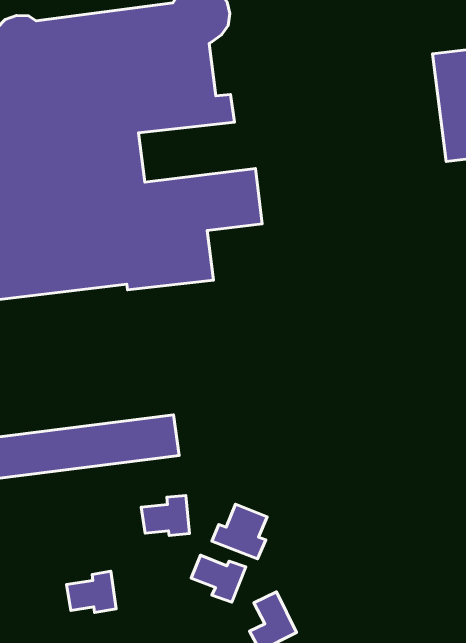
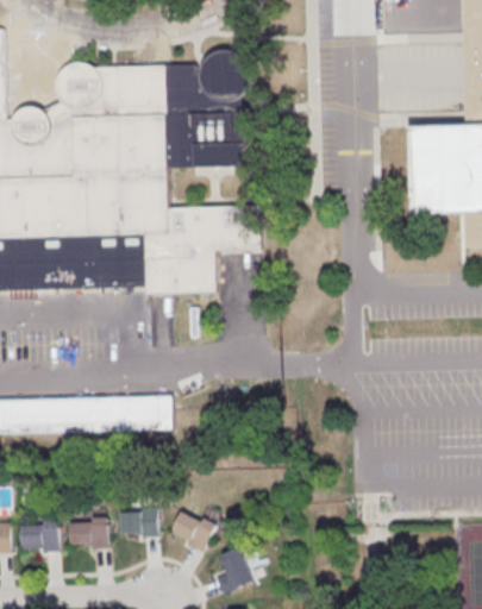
building: [141,495,189,535] -> [120,506,157,536]
building: [212,504,267,559] -> none
building: none -> [23,519,60,551]

